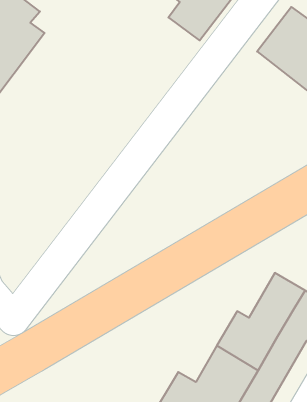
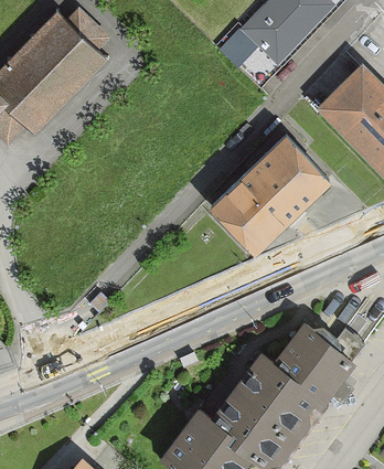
building: none -> [210,134,327,248]

